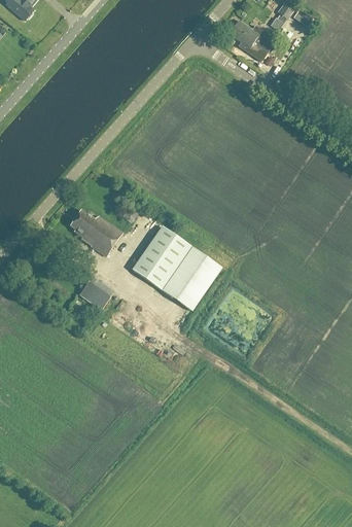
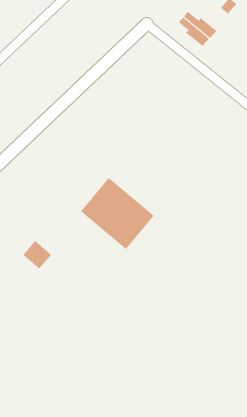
building: [69,210,121,255] -> none
building: [78,276,113,310] -> [22,240,52,269]

